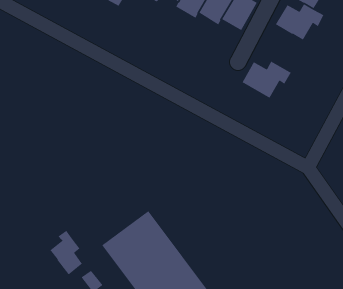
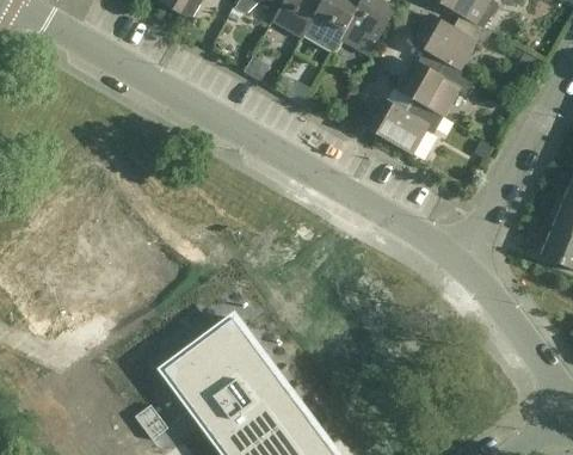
building: none -> [402,60,476,116]
building: [49,230,83,275] -> none

